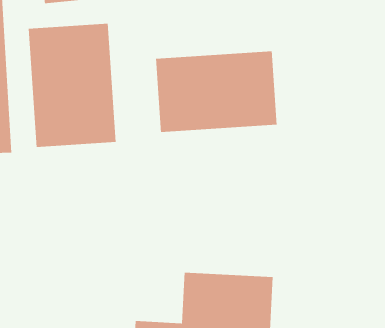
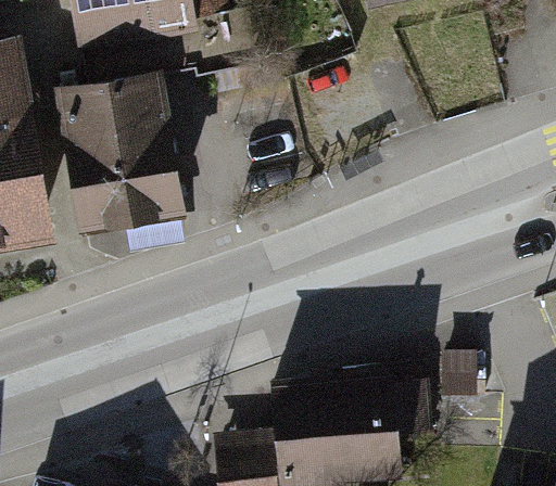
building: [155,50,277,133] -> none

